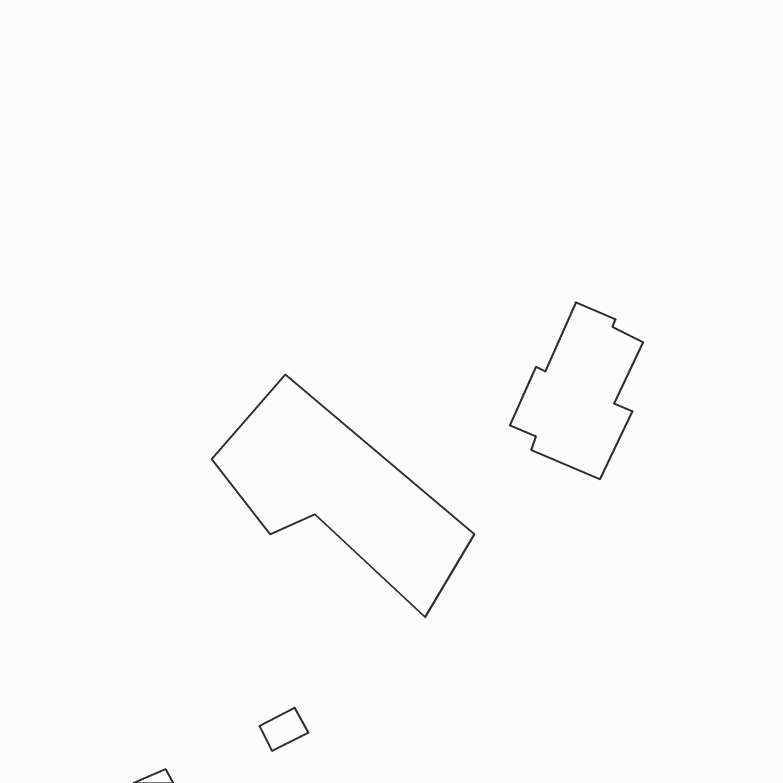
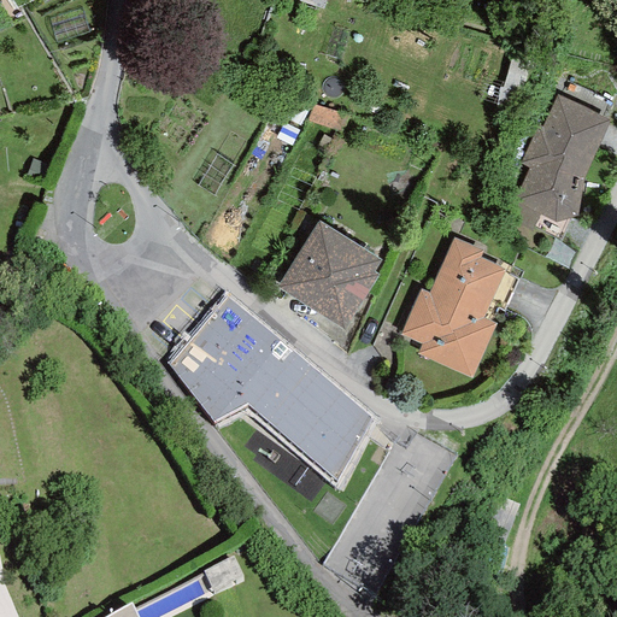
building: none -> [509,95,610,229]
building: none -> [278,219,382,329]

